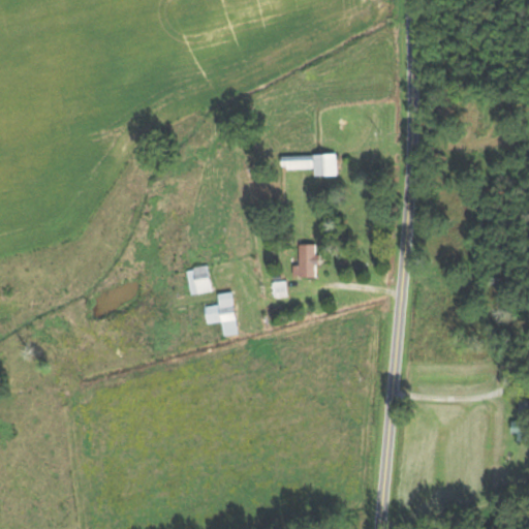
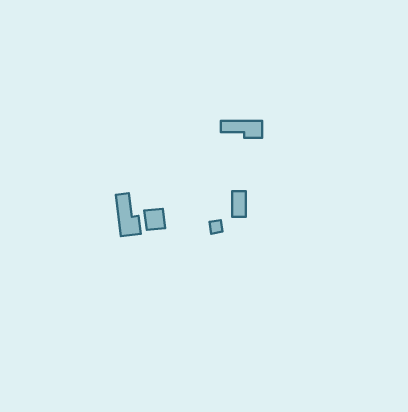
building: none -> [116,193,141,236]
building: [204,302,237,332] -> none

